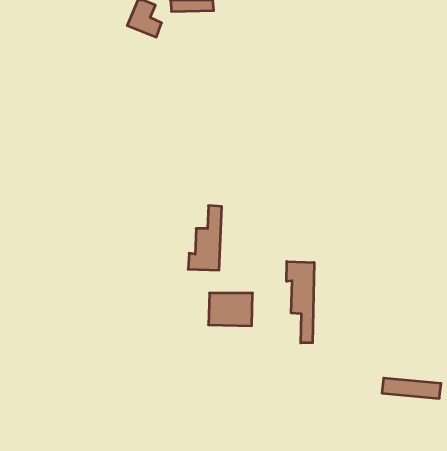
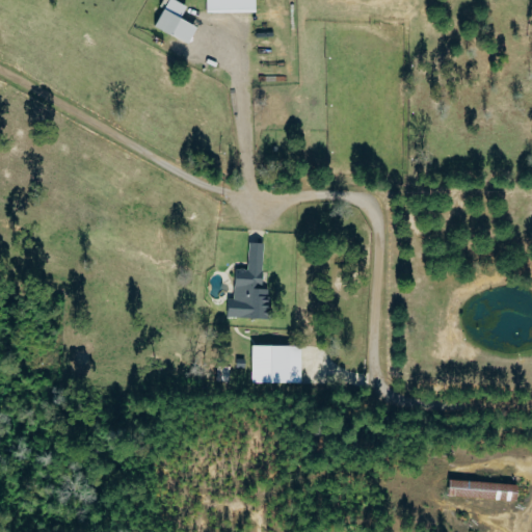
building: [287,261,314,343] -> none
building: [382,378,441,398] -> [447,479,516,503]

